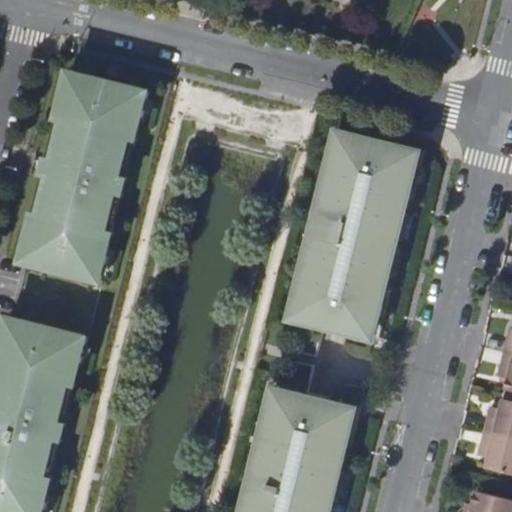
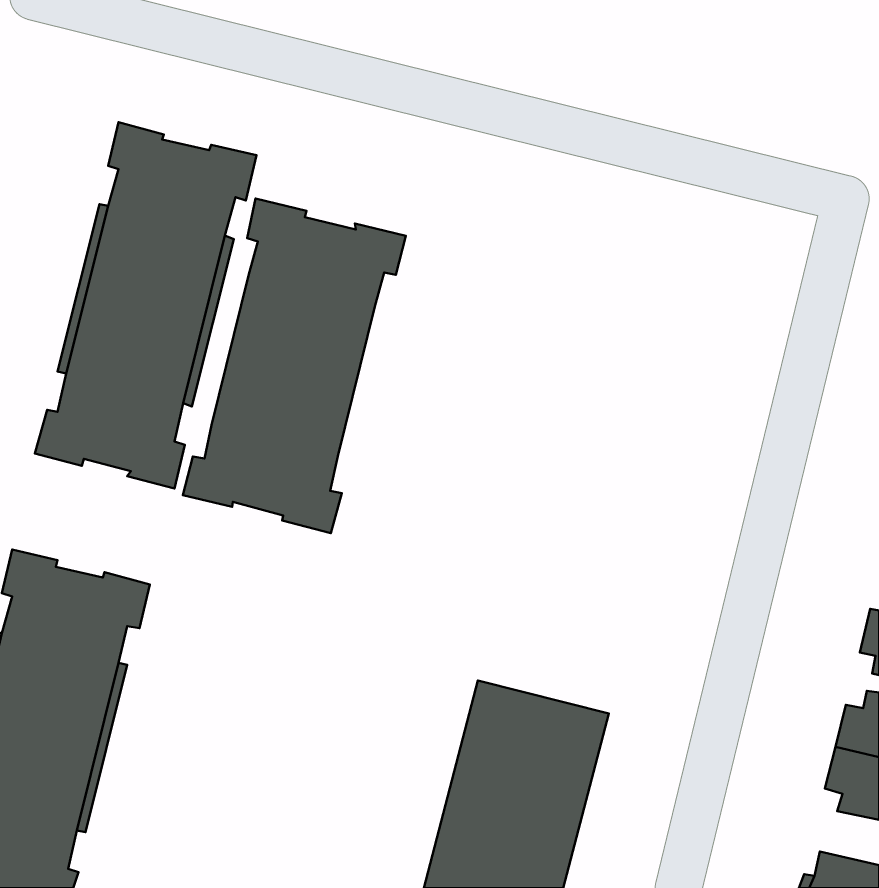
building: none -> [183,199,406,533]
building: [293,133,413,332] -> none

